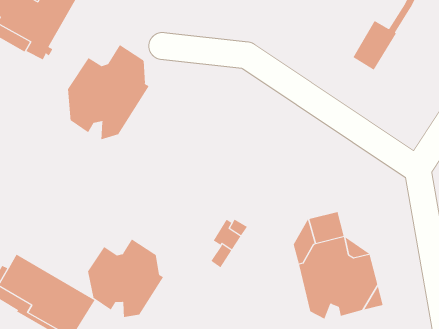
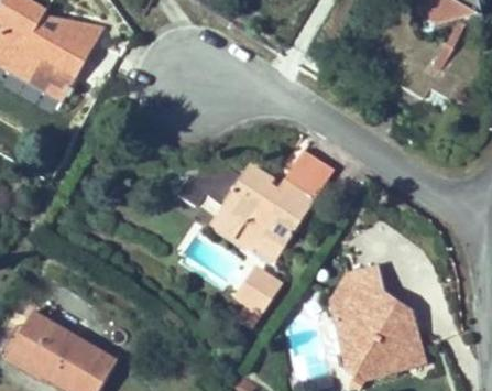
building: [67,44,150,140] -> none
building: none -> [174,149,334,257]
building: [87,239,164,318] -> none

